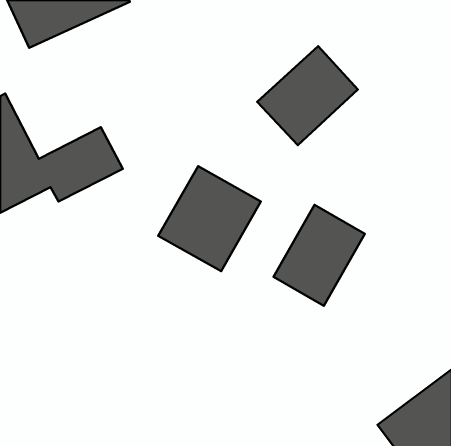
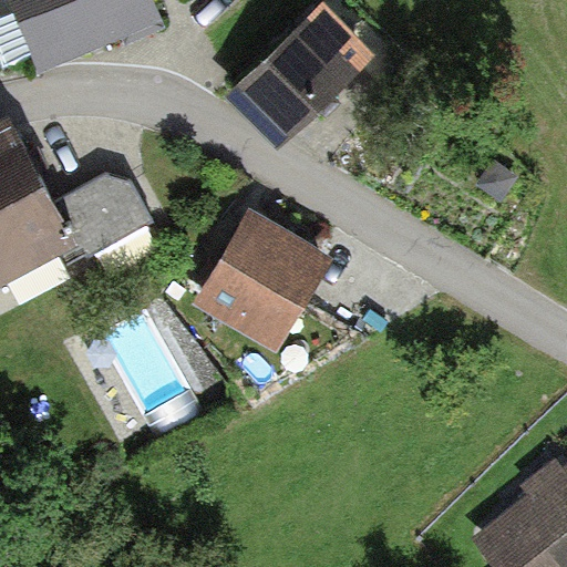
building: [257,46,358,145] -> [223,22,349,146]
building: [274,205,365,306] -> none

